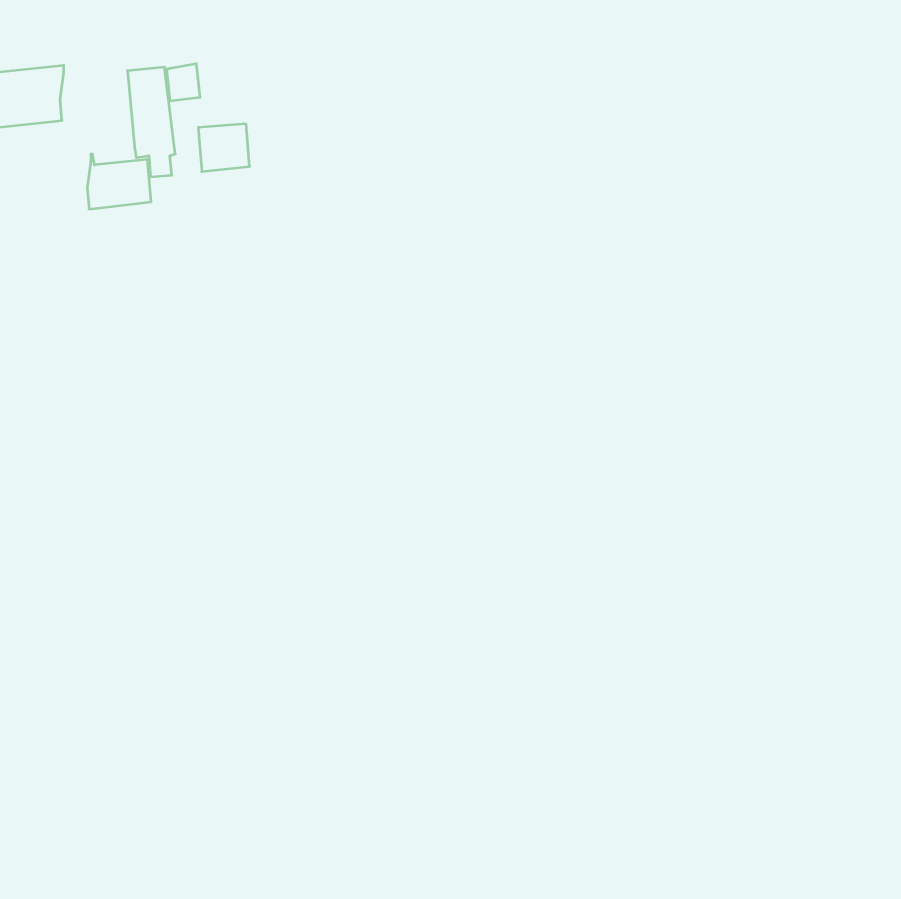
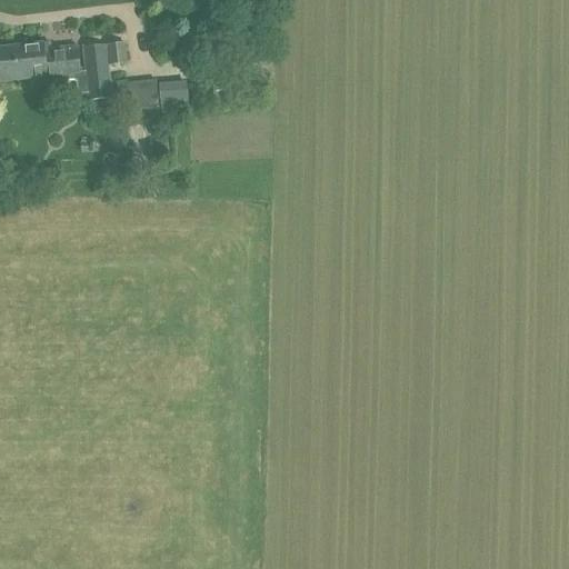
building: none -> [157,79,187,110]
building: [87,154,151,209] -> [38,41,78,76]

